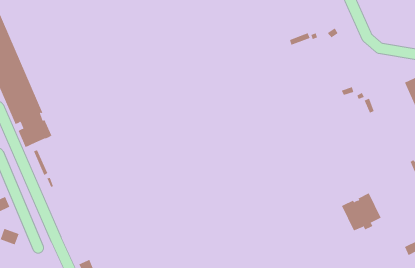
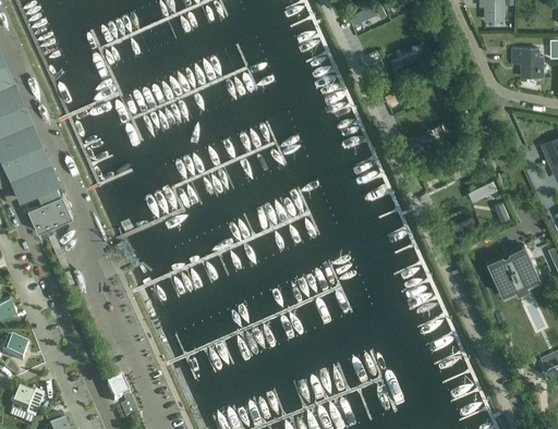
building: none -> [511,48,542,76]
building: [341,193,381,231] -> [486,245,539,296]

